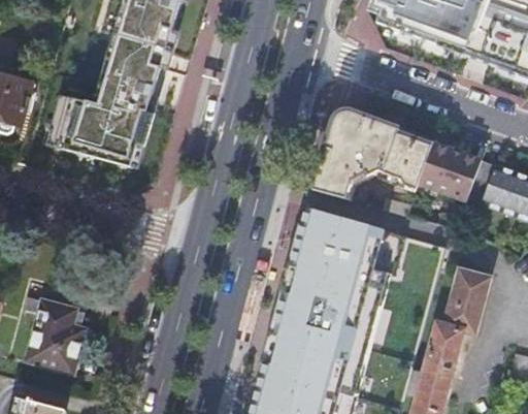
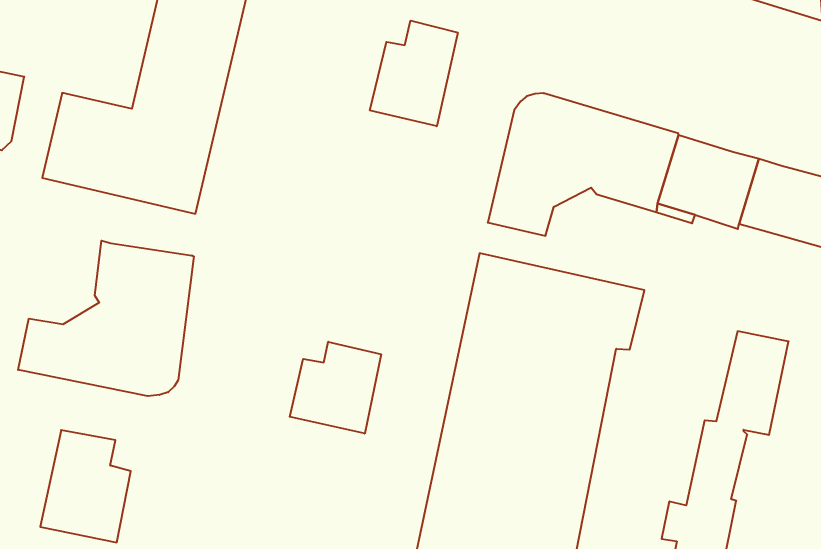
building: none -> [370,21,458,126]
building: none -> [18,241,194,396]
building: none -> [290,342,381,434]

